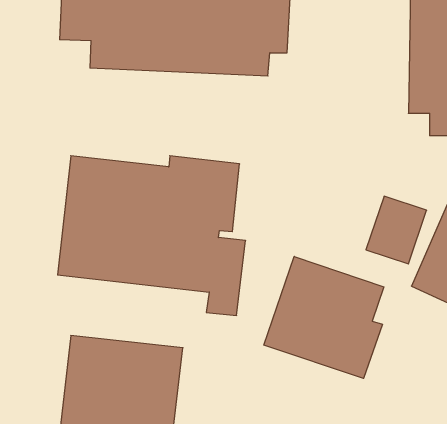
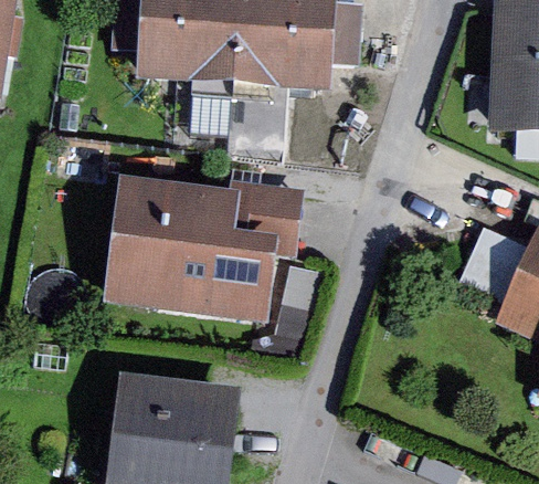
building: [264,256,384,378] -> none

